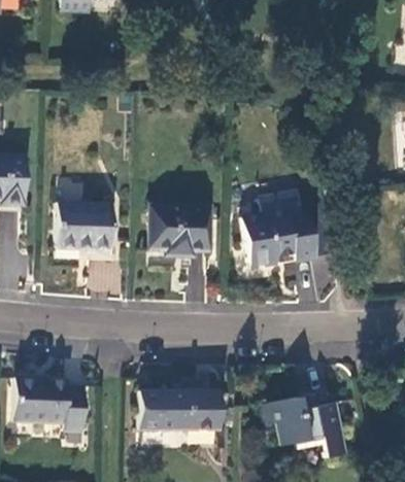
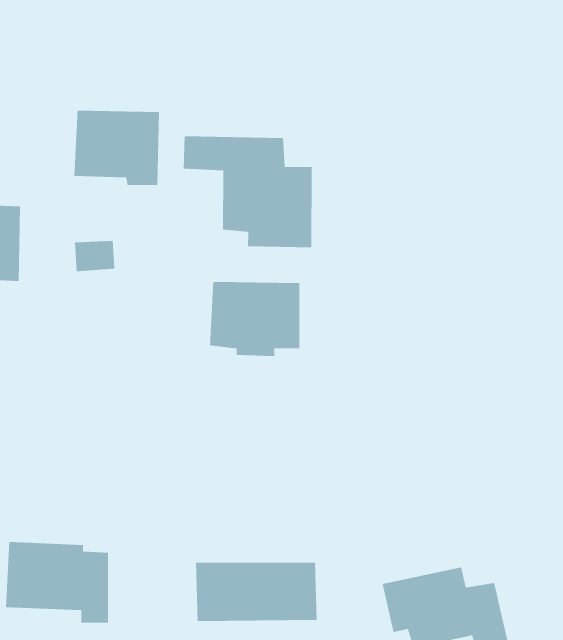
building: none -> [183,136,312,248]
building: [241,194,315,268] -> none
building: [55,205,111,254] -> [74,110,160,186]

